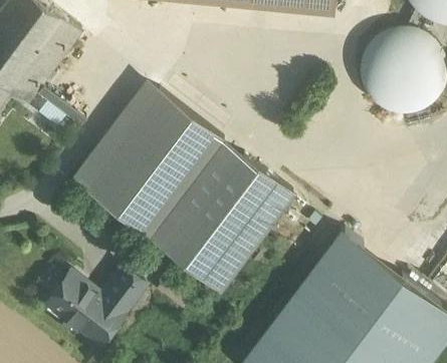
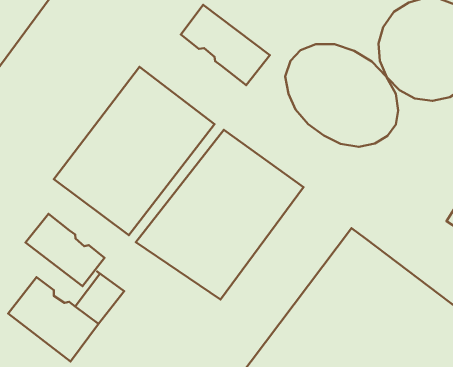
building: none -> [181,5,270,85]
building: none -> [285,44,398,147]
building: none -> [26,214,104,286]

